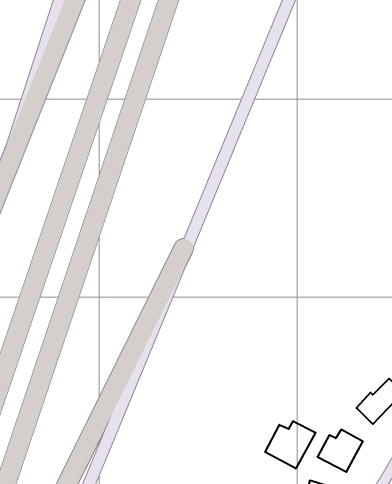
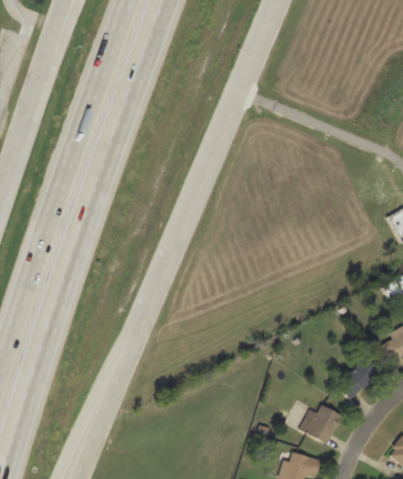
building: [265,421,316,469] -> none

